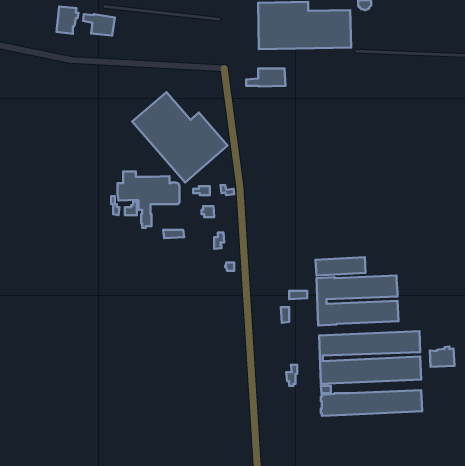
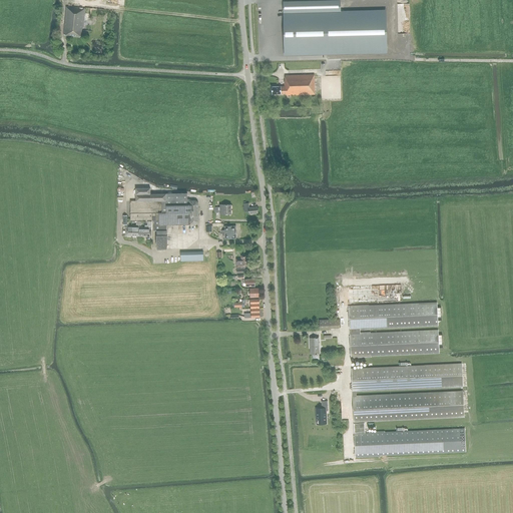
building: [83,14,115,36] -> none
building: [132,92,228,182] -> none
building: [430,347,454,367] -> none

